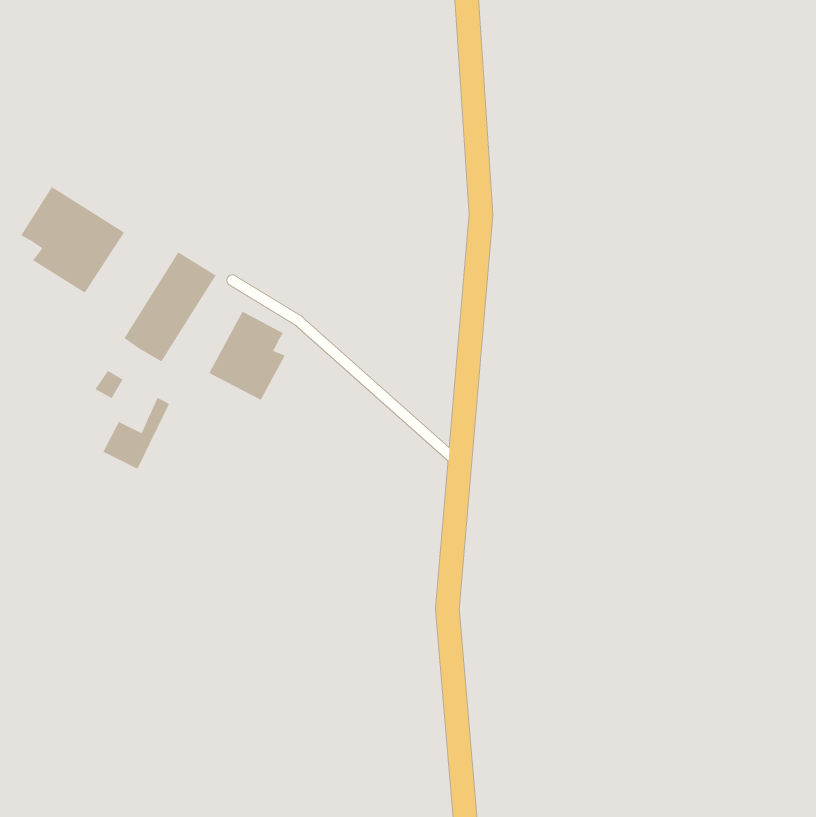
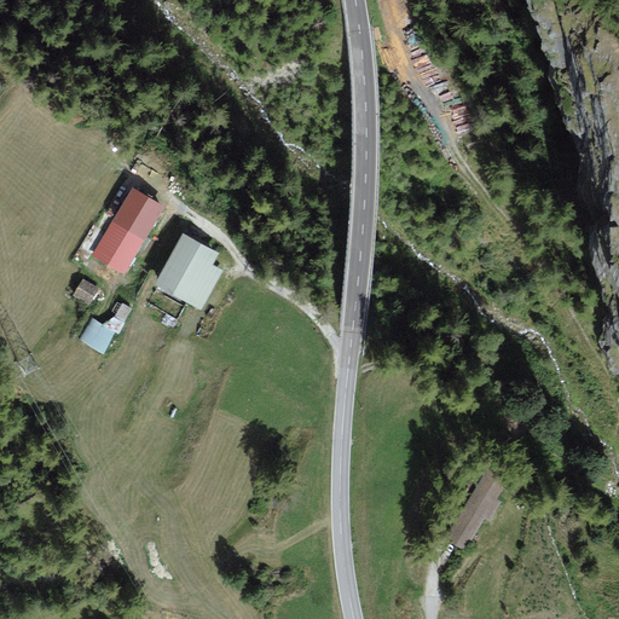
building: [21,186,125,294] -> none
building: none -> [446,470,502,546]

